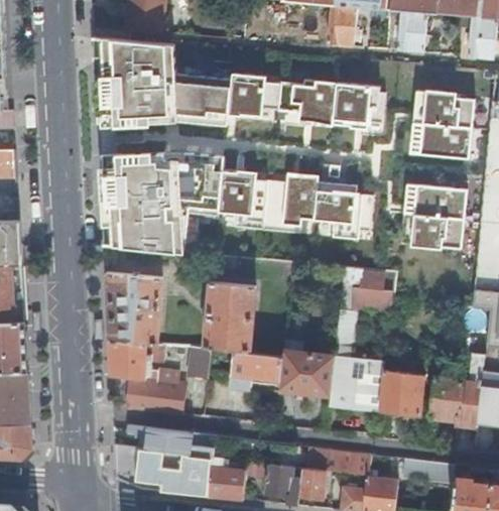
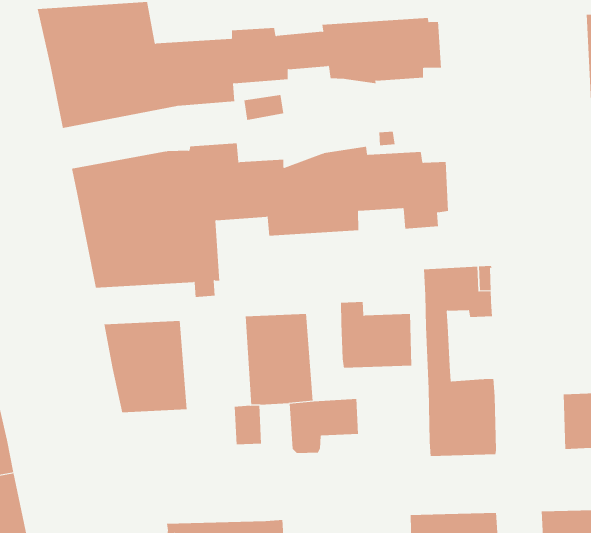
building: [409,93,474,161] -> none
building: [403,185,466,249] -> none
building: [109,340,185,414] -> none
building: [279,341,335,395] -> [340,301,412,368]
building: [378,370,425,414] -> none

